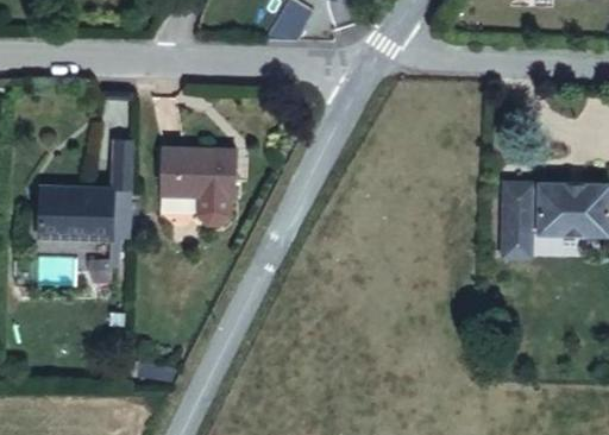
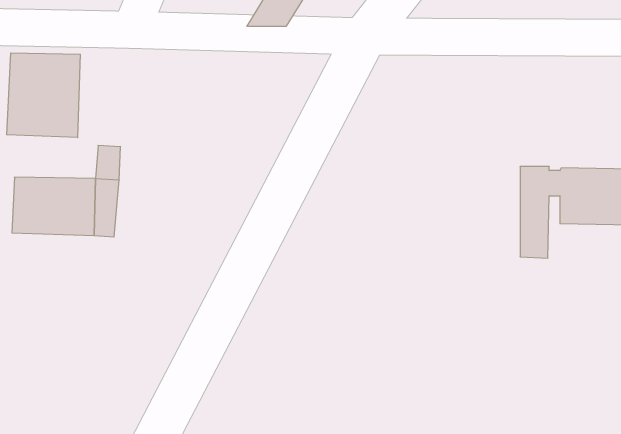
building: none -> [7,53,80,138]
building: [170,146,246,225] -> none

